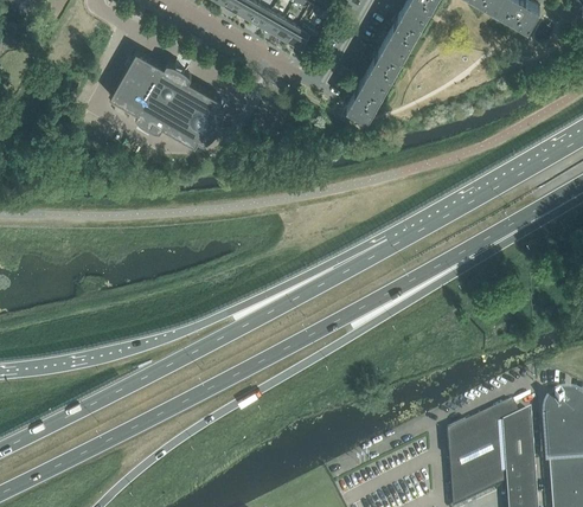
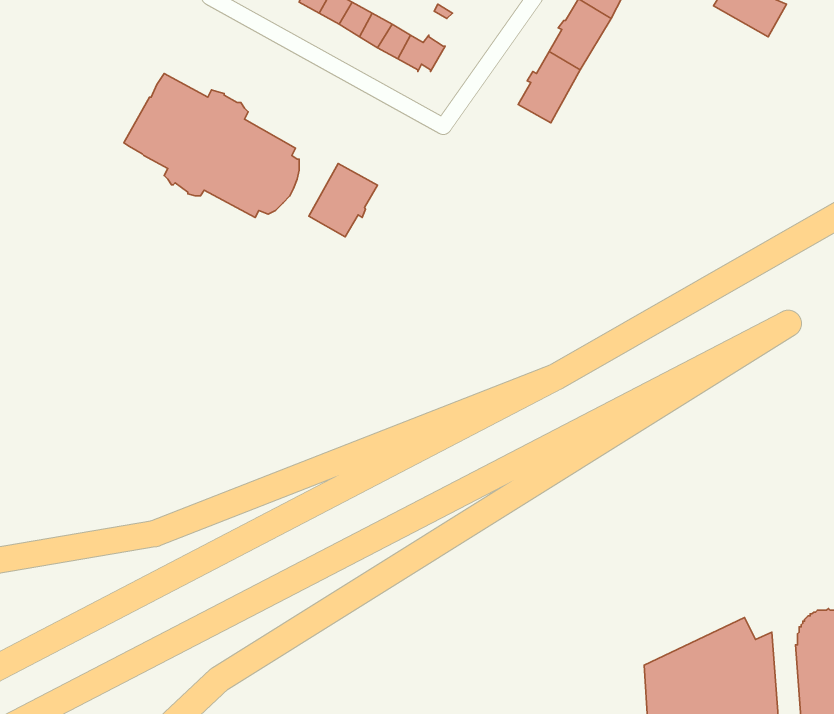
building: [346,71,387,117] -> none
building: none -> [309,163,377,237]

